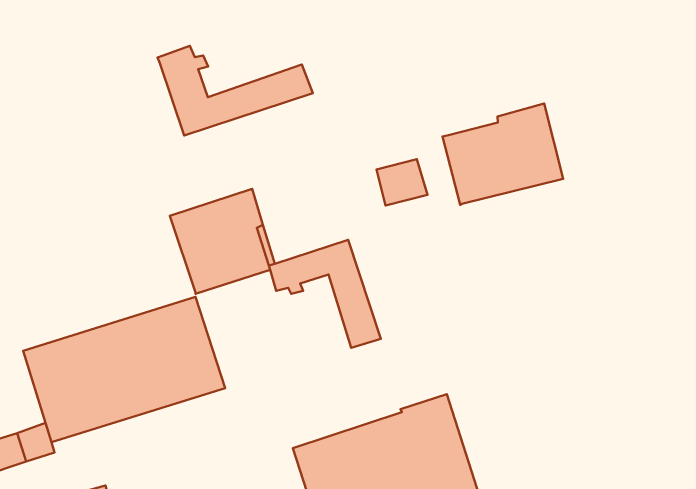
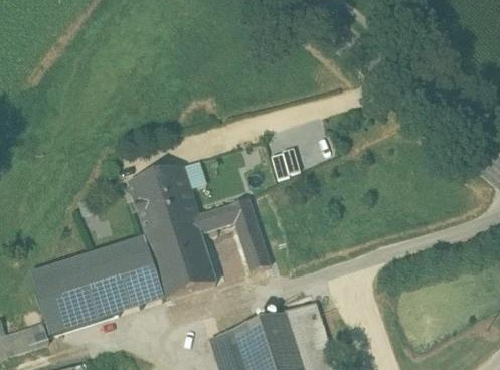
building: [157,46,313,135] -> none
building: [442,104,563,205] -> none
building: none -> [144,217,214,297]

